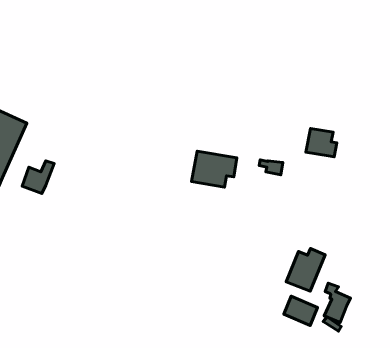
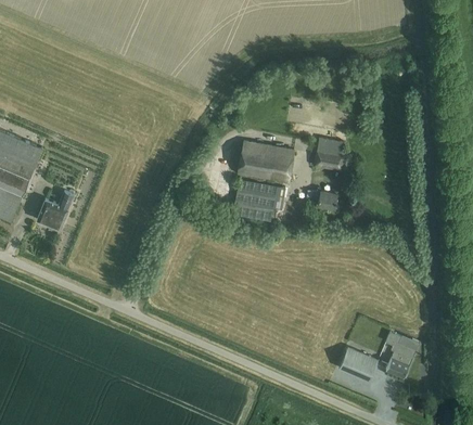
building: none -> [238,141,293,181]
building: [306,129,337,157] -> [314,138,349,170]
building: [286,248,325,291] -> none

